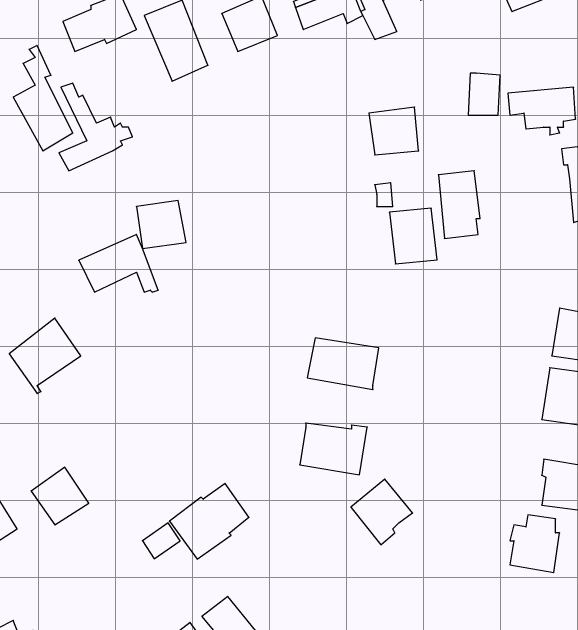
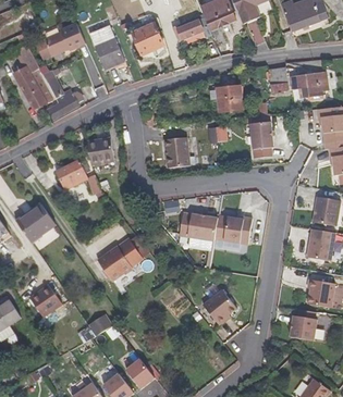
building: [389,208,437,264] -> [164,135,191,165]
building: [300,423,367,475] -> [216,214,253,243]
building: [169,483,249,559] -> [96,235,139,276]

